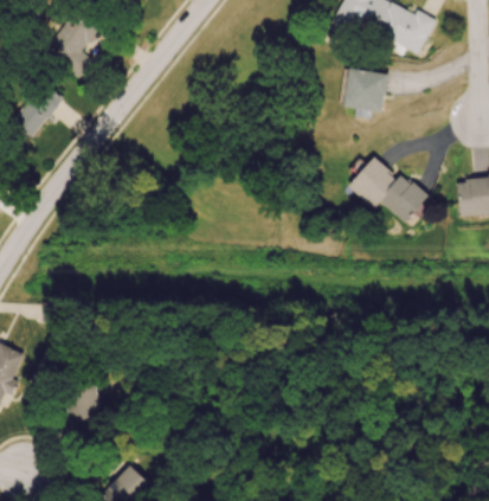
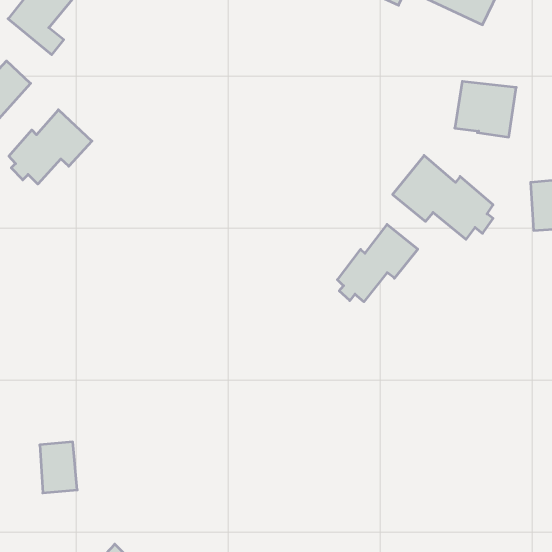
building: [339,69,387,113] -> [455,81,516,137]
building: none -> [9,110,92,184]
building: none -> [337,224,418,302]

